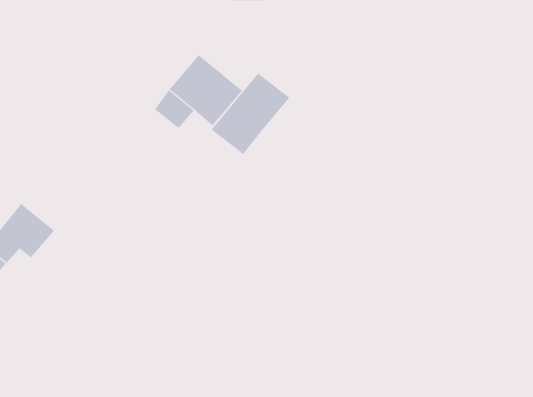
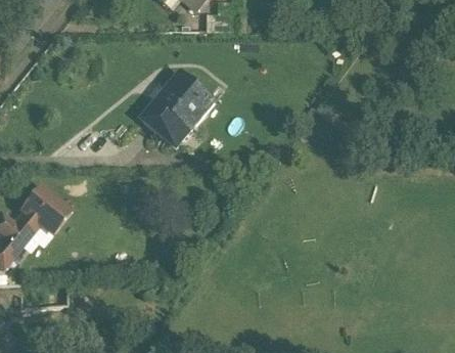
building: [211,72,290,155] -> none

